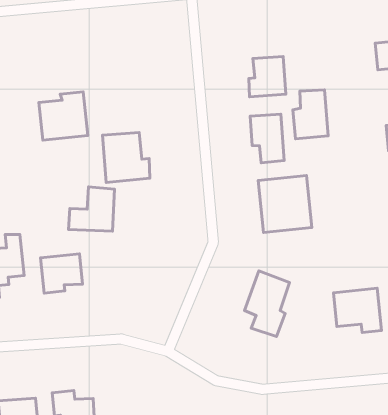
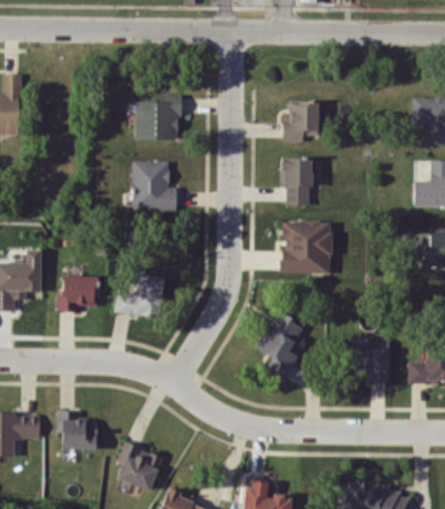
building: [293,90,328,139] -> none
building: [39,92,88,140] -> [136,96,181,139]
building: [68,187,114,231] -> [114,273,164,319]

